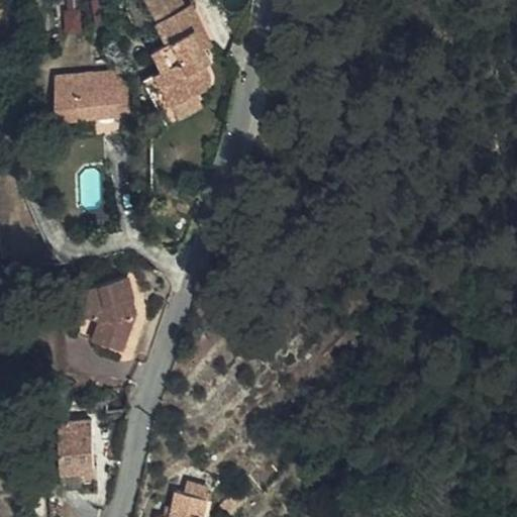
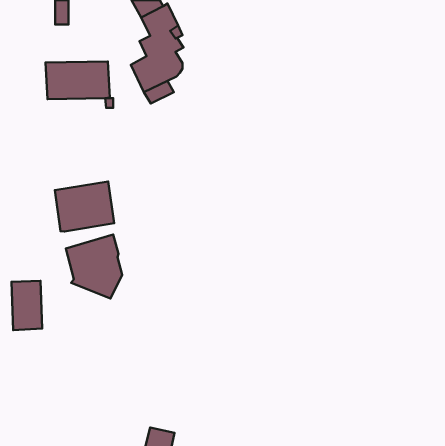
building: none -> [55,181,114,232]
building: [58,423,93,480] -> [11,281,42,330]

